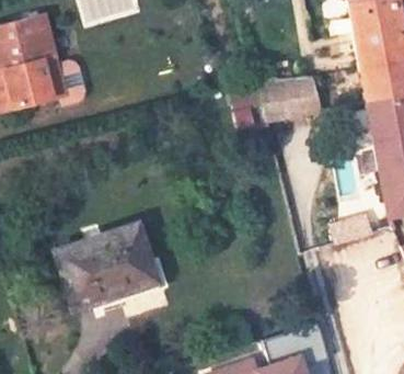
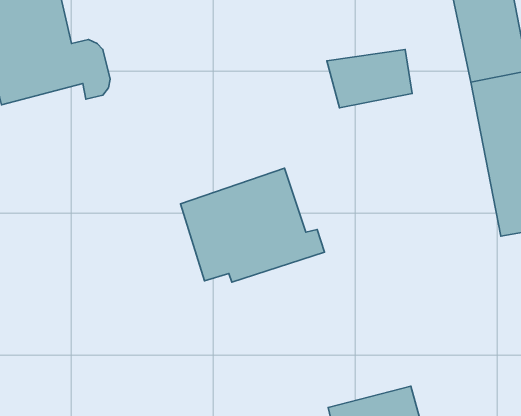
building: [51,217,162,305] -> [180,168,324,282]

